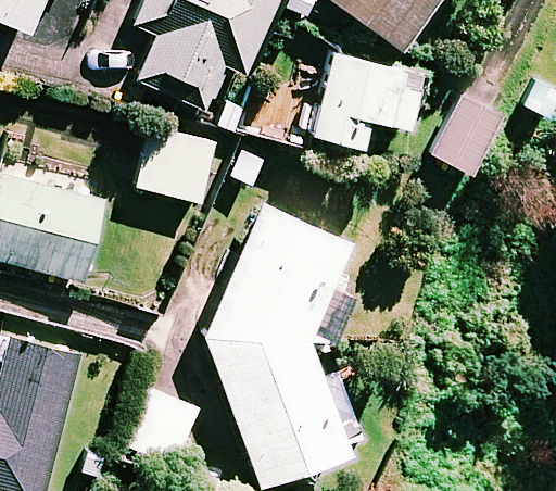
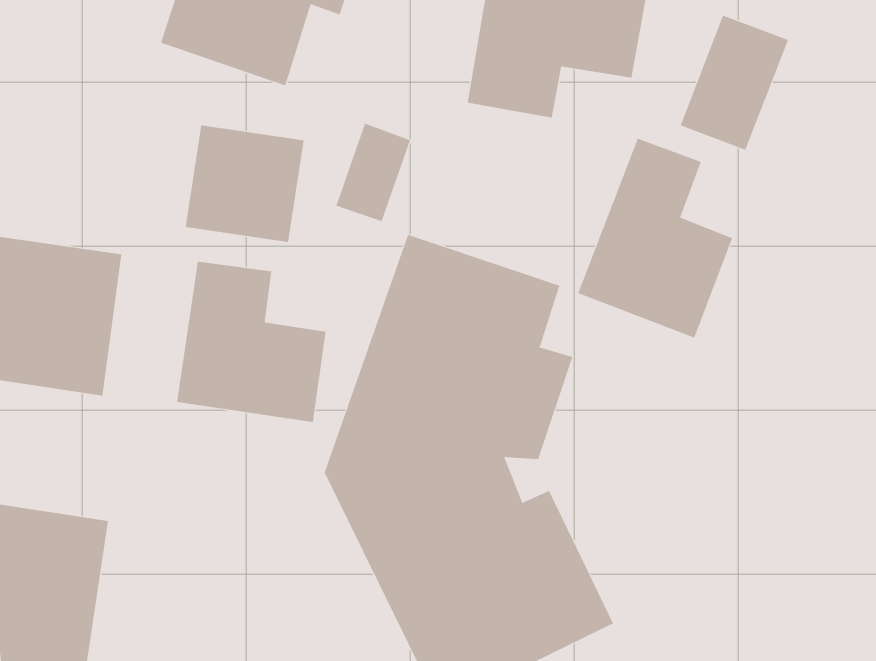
building: none -> [577,138,733,339]
building: none -> [177,261,326,423]

